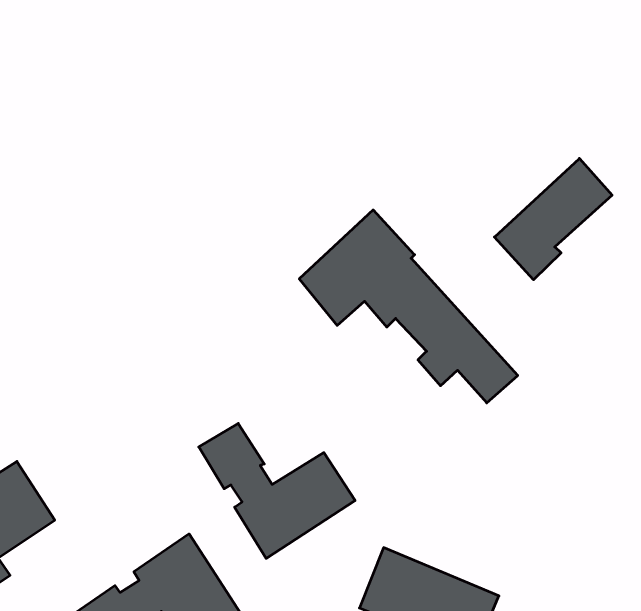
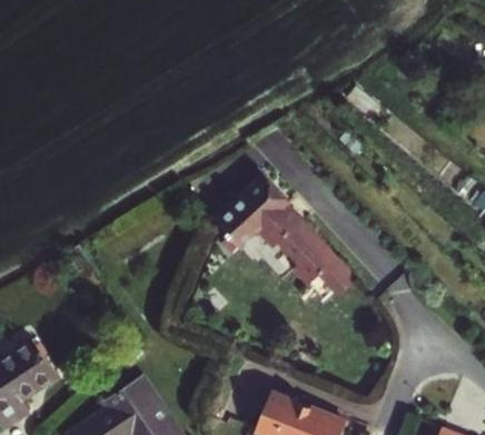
building: [494,158,612,280] -> none
building: [199,423,355,558] -> none

